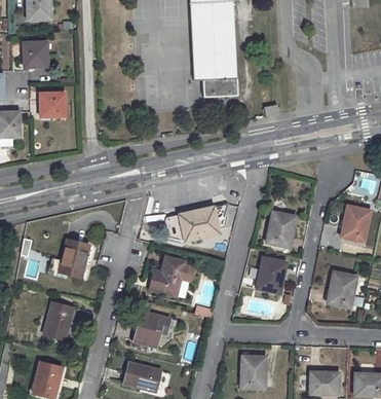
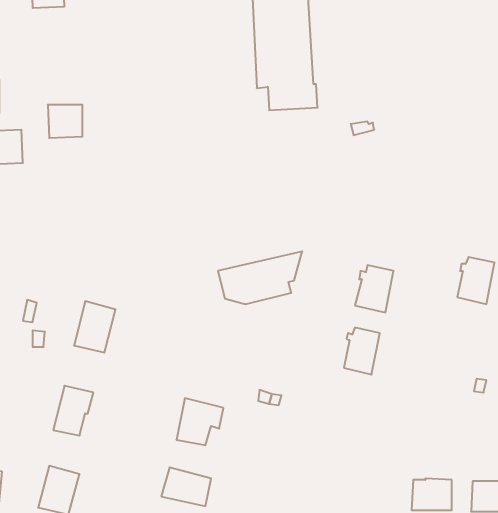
building: [23,41,47,67] -> none
building: [149,255,185,295] -> none
building: [329,271,356,306] -> none
building: [241,356,266,388] -> none

